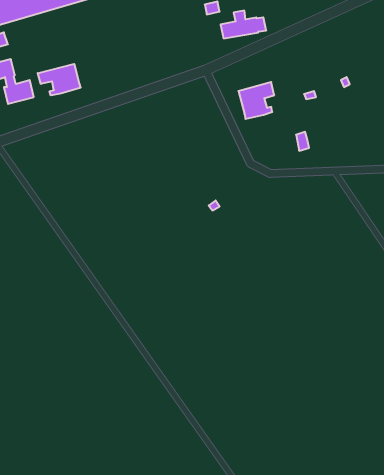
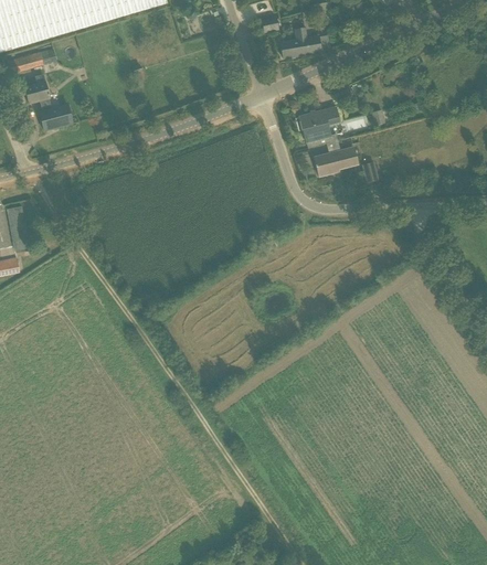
building: [38,64,81,95] -> none
building: none -> [313,138,357,174]

